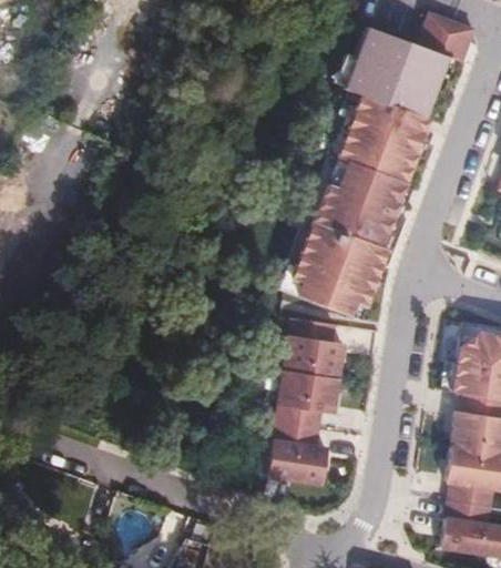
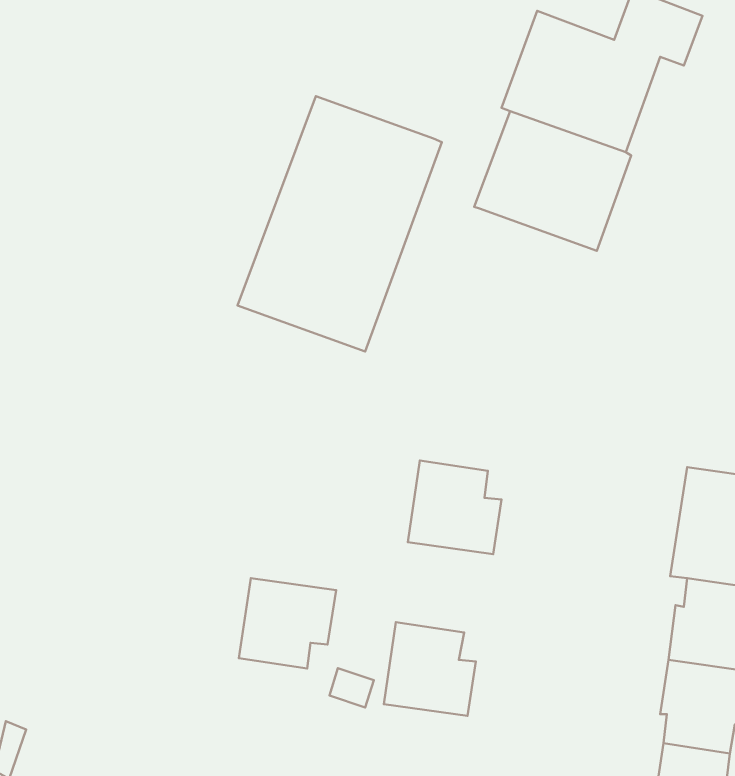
building: [279,155,412,322] -> [237,96,442,352]
building: [276,373,339,432] -> [239,578,336,668]

